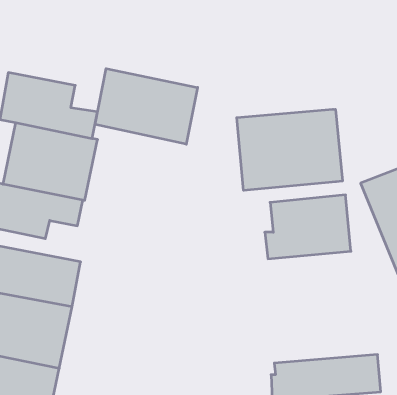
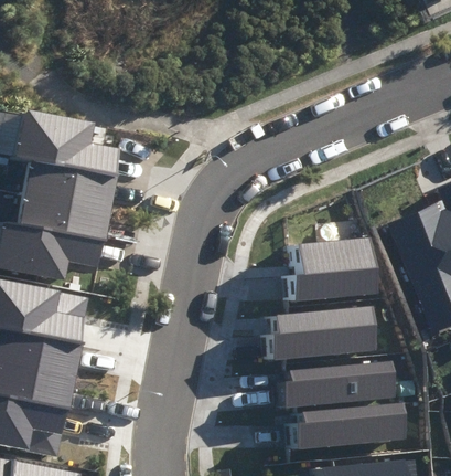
building: [95,69,198,144] -> none
building: [237,109,342,190] -> none
building: none -> [268,305,375,360]
building: none -> [279,361,394,406]

